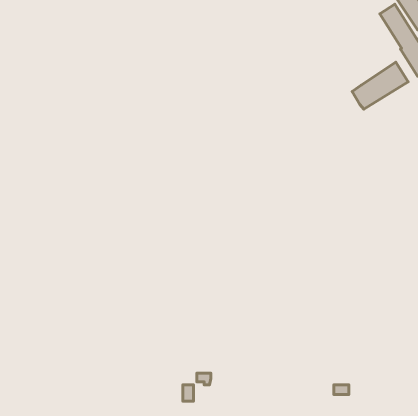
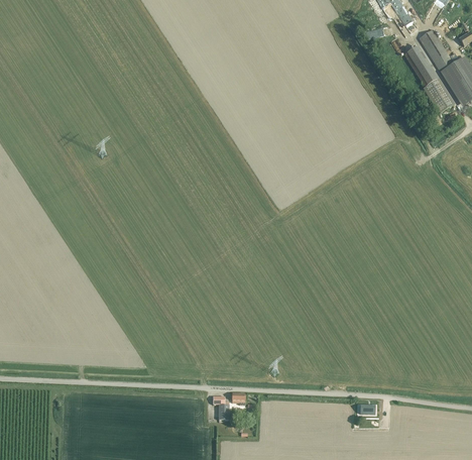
building: [352,62,408,109] -> none

